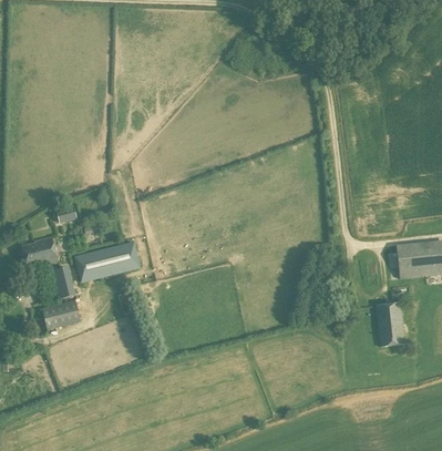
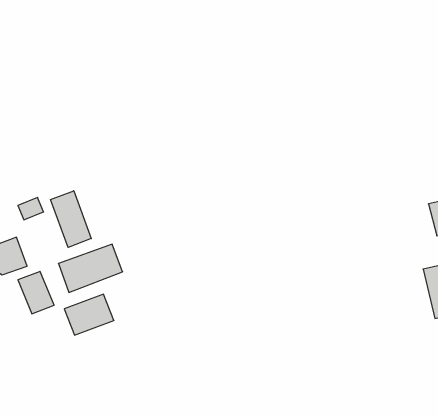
building: none -> [51,191,91,247]
building: [41,297,80,327] -> [64,294,114,335]

